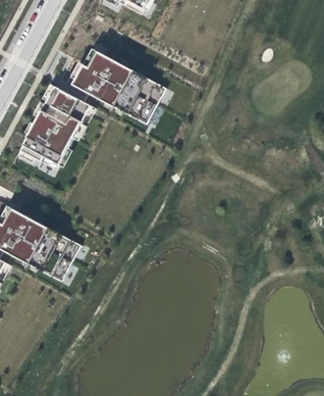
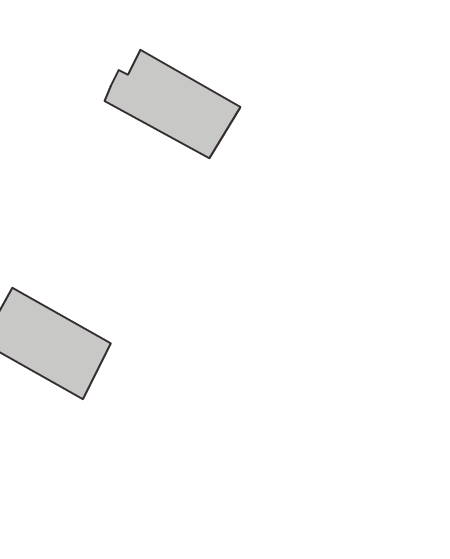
building: [20,85,91,164] -> none

